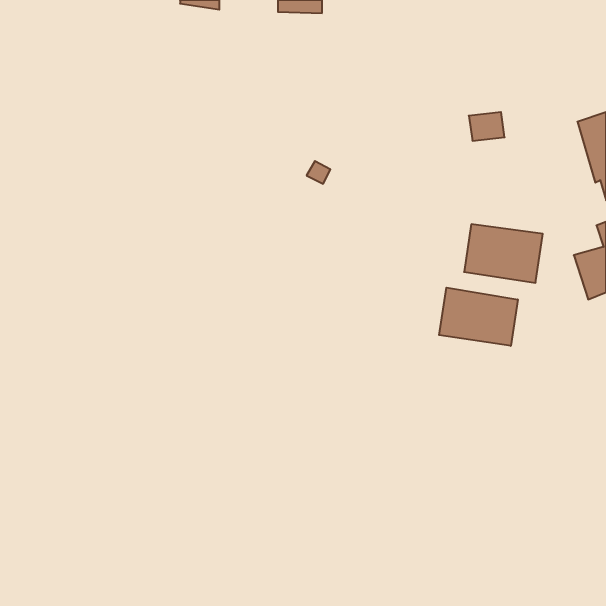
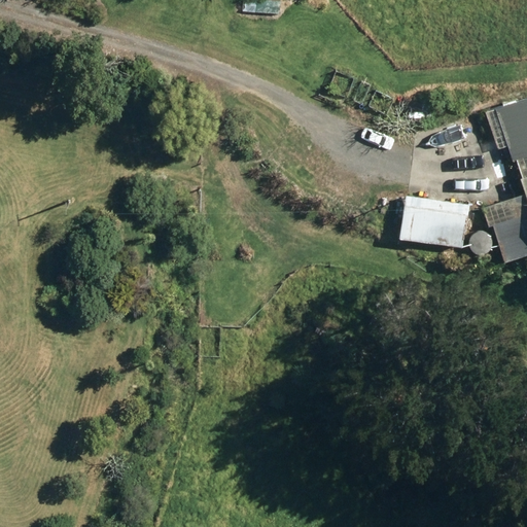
building: [439,288,518,346] -> none

